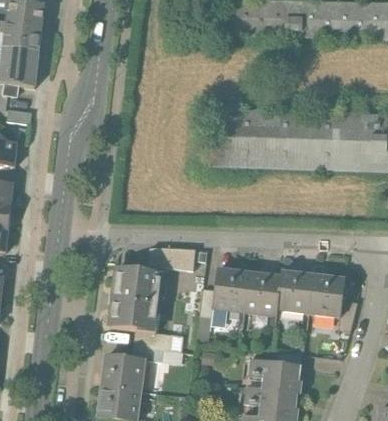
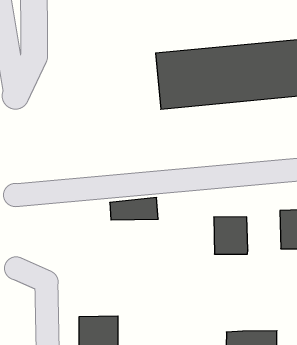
building: [110,269,162,332] -> none
building: [213,272,248,311] -> none
building: [277,273,313,314] -> none
building: [248,360,298,393] -> none

